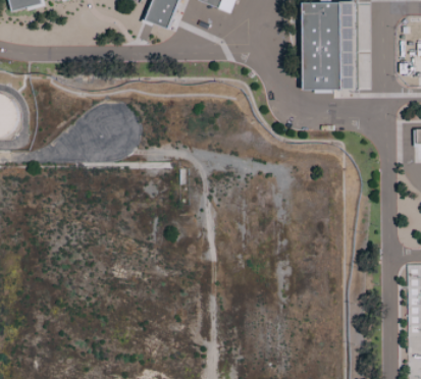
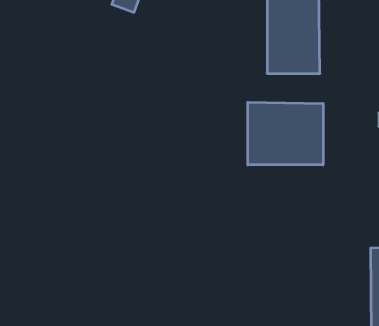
building: none -> [248,102,323,165]

